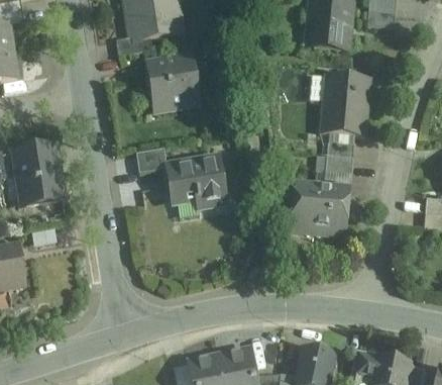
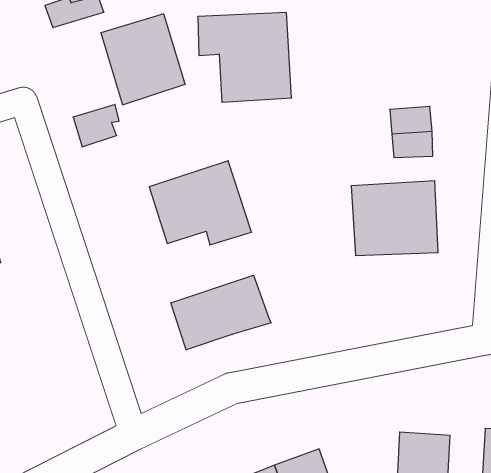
building: [310,71,370,132] -> [198,13,292,102]
building: [135,148,164,172] -> [73,104,119,147]
building: none -> [171,275,271,350]

